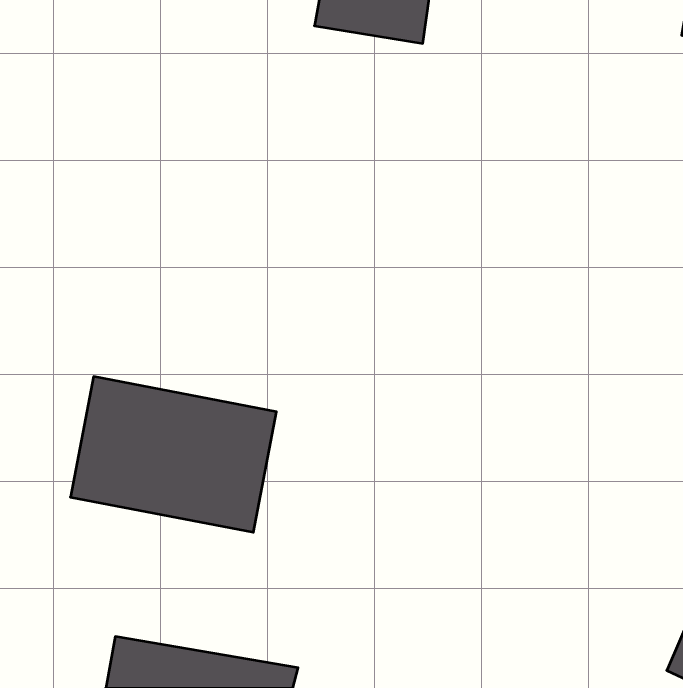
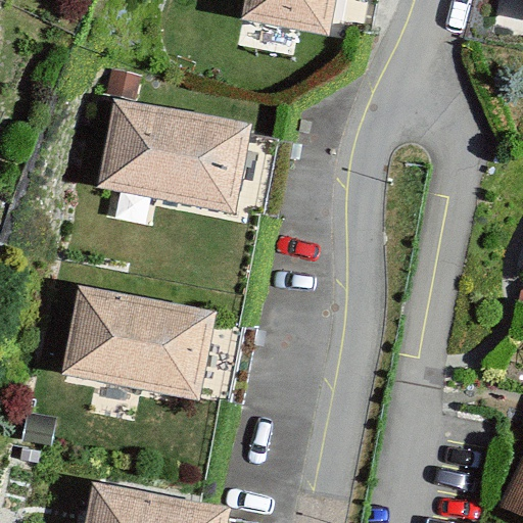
building: none -> [100,100,250,212]

